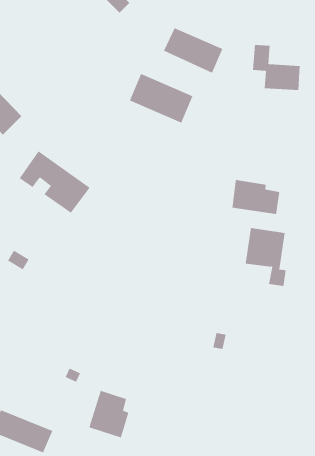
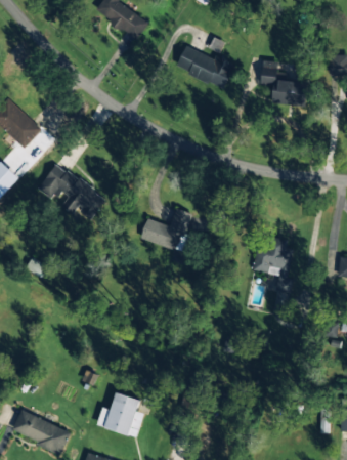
building: [129,73,193,124] -> none
building: [232,179,280,215] -> none
building: none -> [141,209,191,251]

